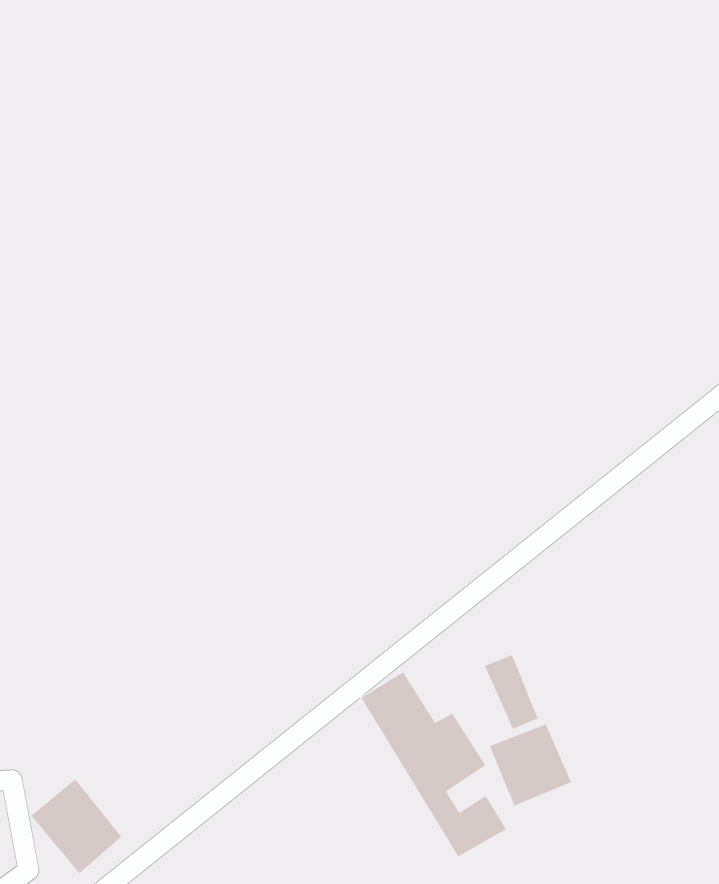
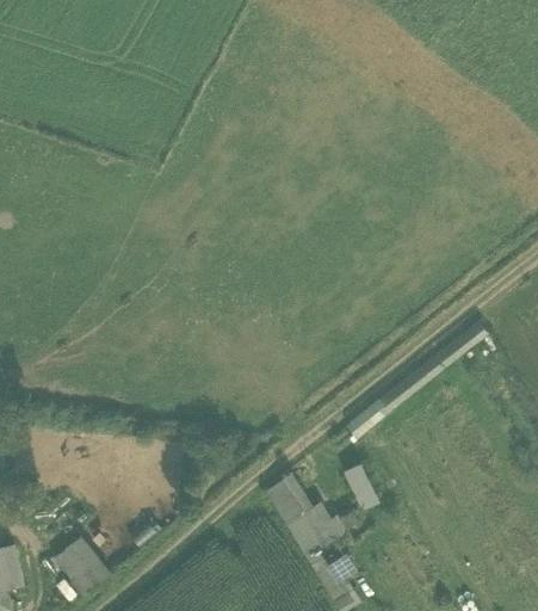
building: [489,724,572,806] -> none

